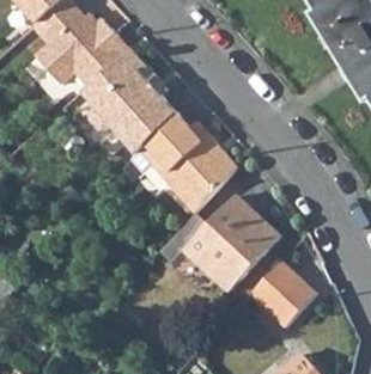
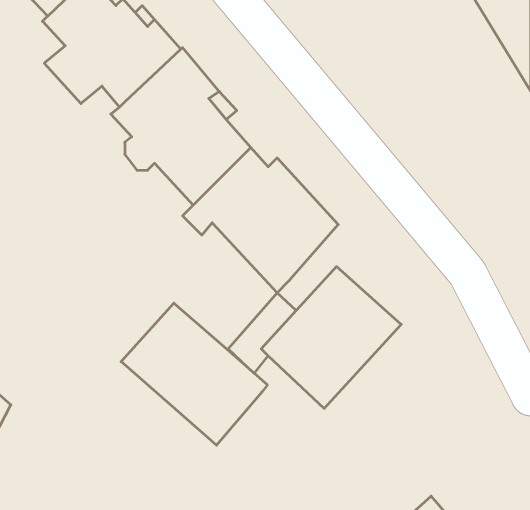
building: none -> [121,303,267,445]
building: [247,259,315,327] -> none

